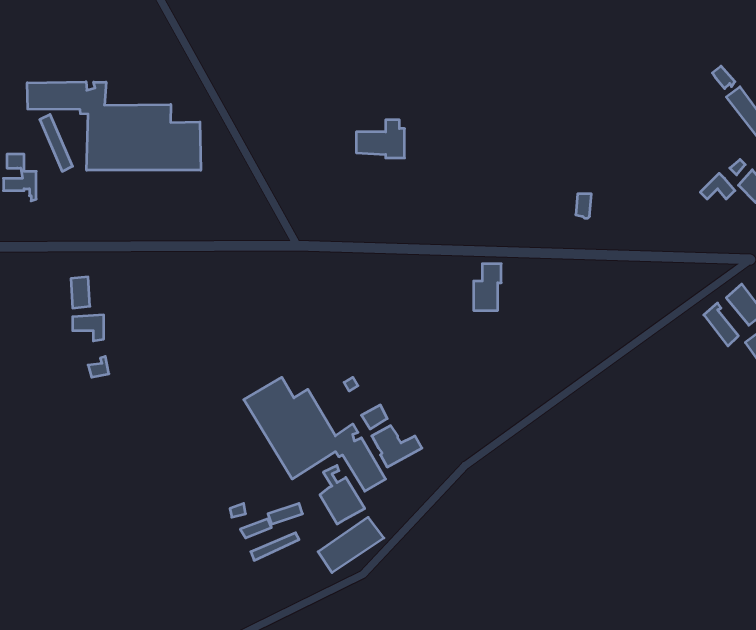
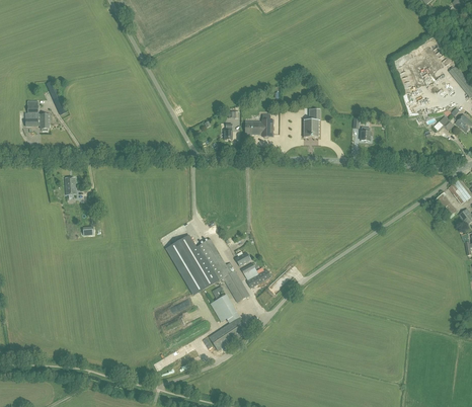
building: [27,82,201,170] -> none
building: [356,120,405,158] -> [245,114,273,137]
building: [474,264,501,310] -> [304,109,320,137]

